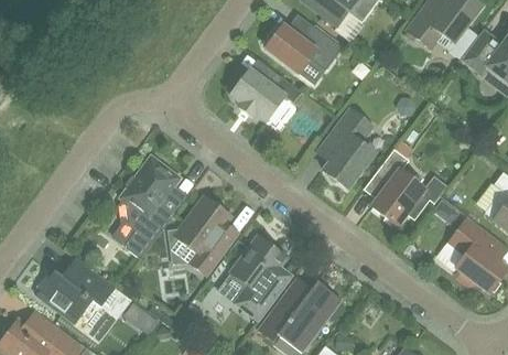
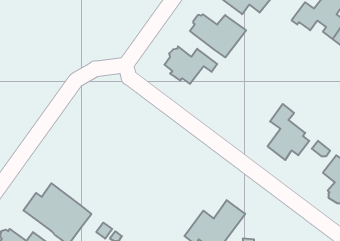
building: [318,108,374,187] -> none
building: [112,155,180,258] -> none
building: [175,196,237,273] -> none
building: [231,236,289,320] -> none

